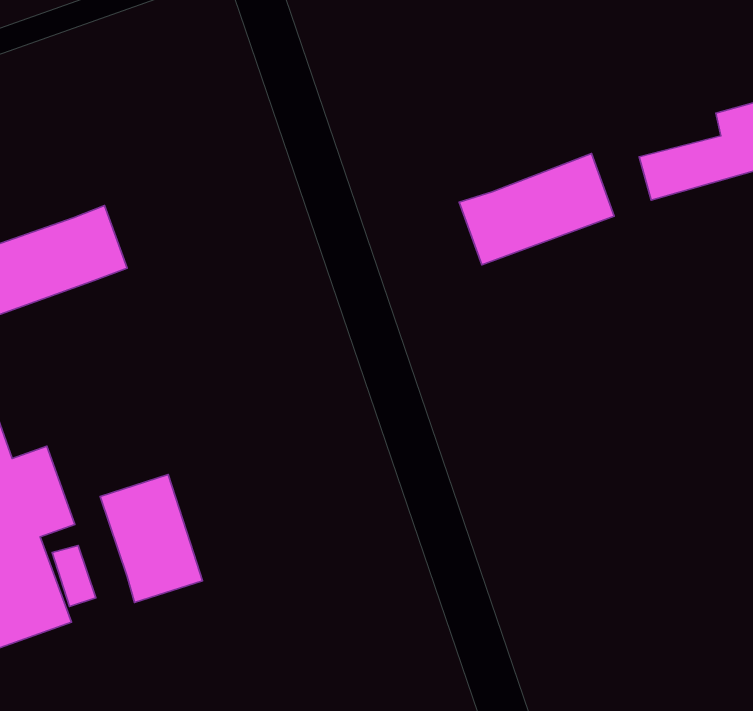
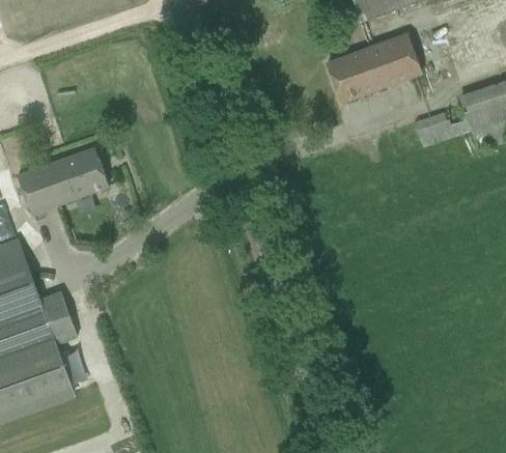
building: [459,153,614,265] -> [328,35,420,102]
building: [100,475,202,603] -> none

